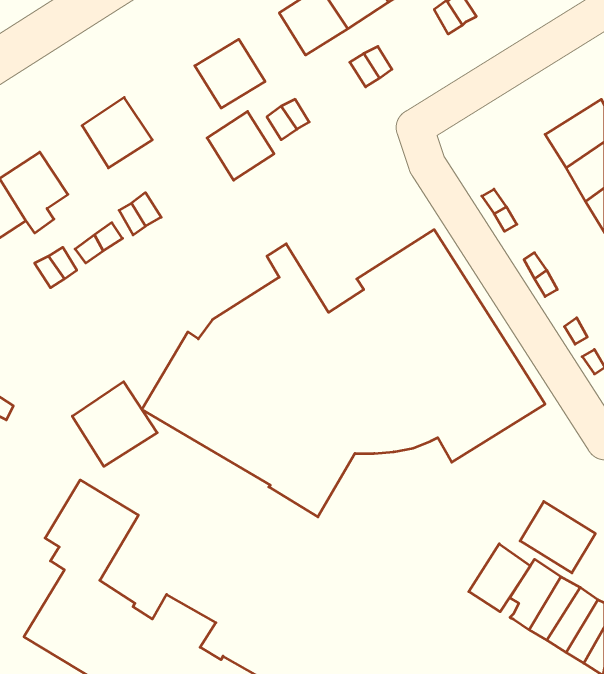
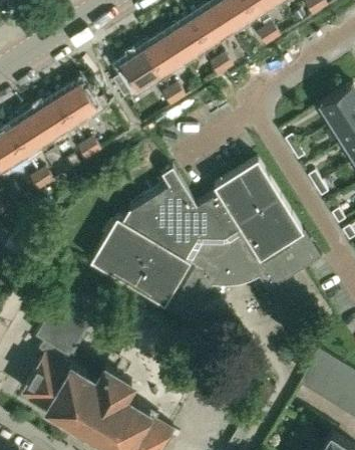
building: [207,111,274,180] -> [145,36,184,75]
building: none -> [32,100,71,140]
building: [72,382,157,466] -> none
building: [520,501,595,573] -> none
building: [469,544,530,612] -> none

